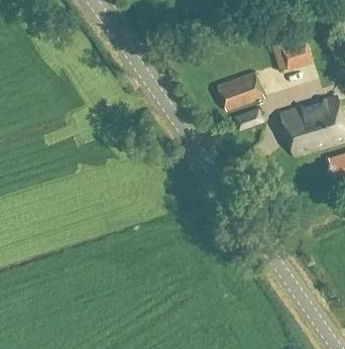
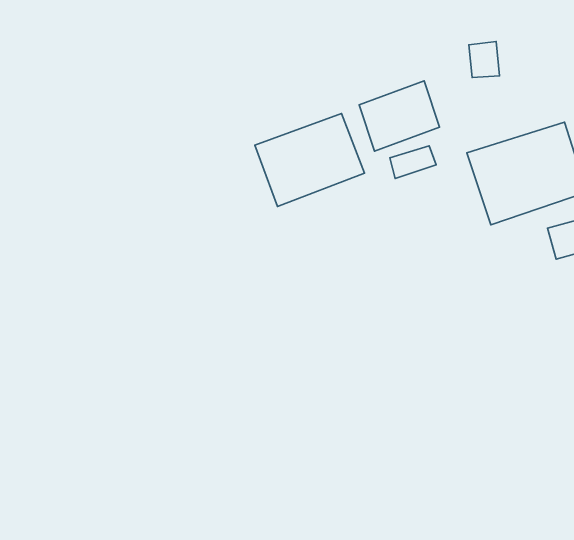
building: none -> [255,114,365,207]

